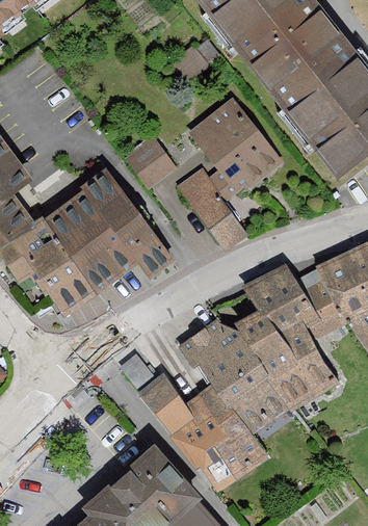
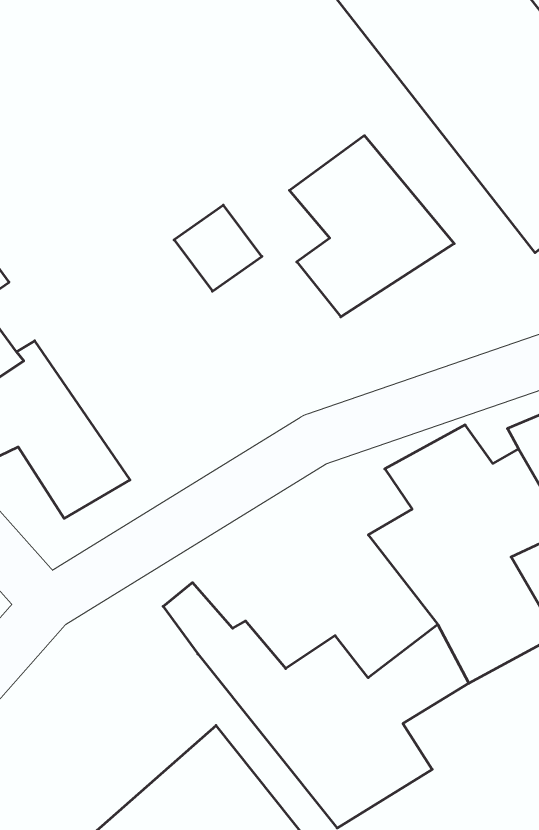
building: [176,172,240,245] -> none
building: [45,173,177,295] -> none
building: [183,312,273,407] -> none

